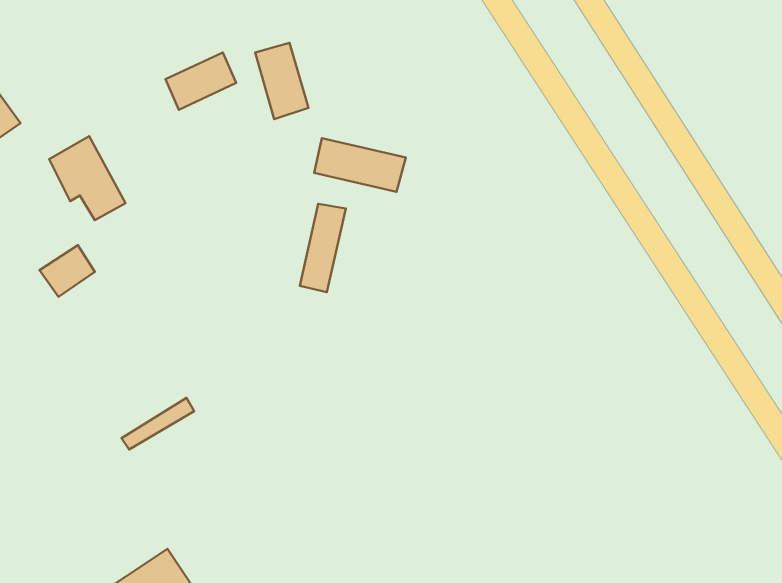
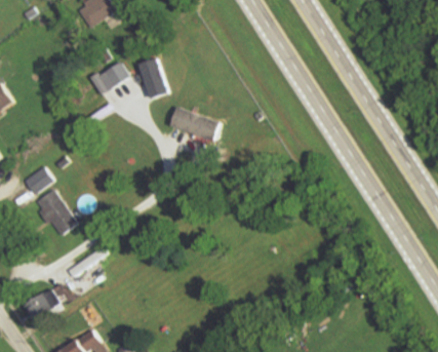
building: [49,136,125,220] -> [34,189,75,234]
building: [300,204,346,292] -> none
building: none -> [23,288,59,318]

